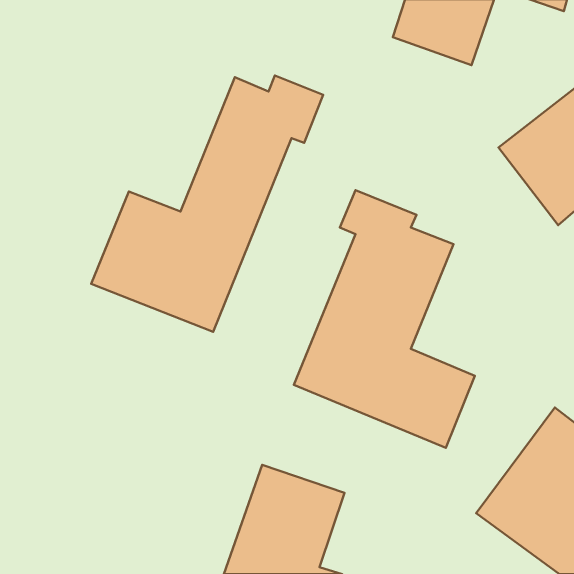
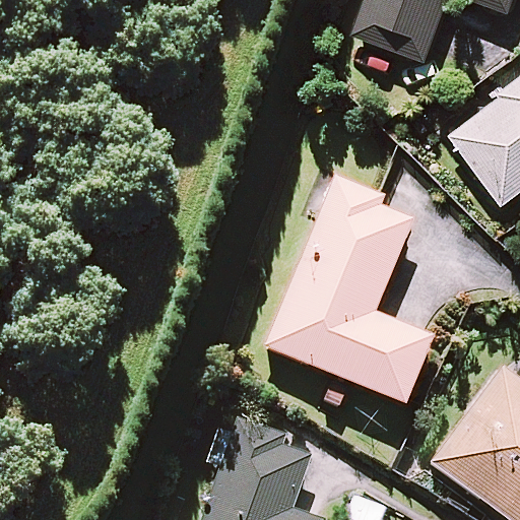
building: [91,75,323,332] -> none

